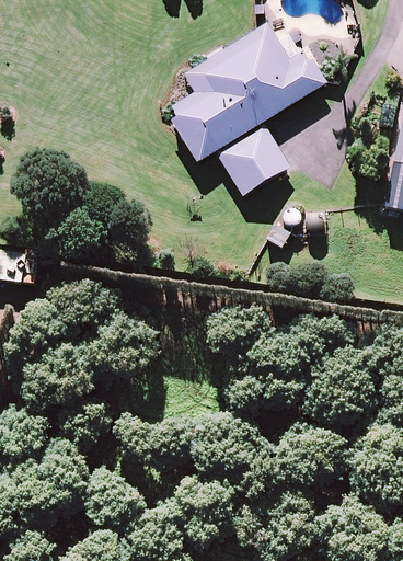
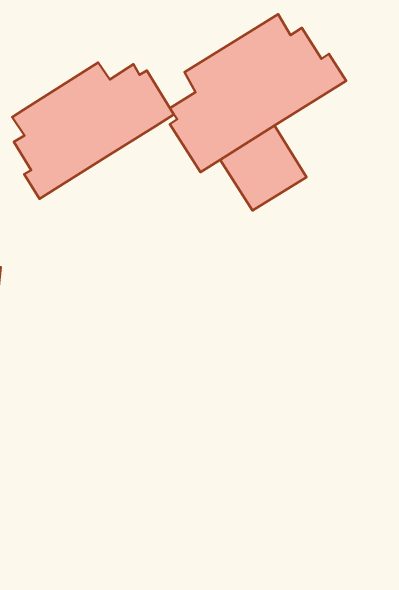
building: none -> [12,63,174,199]

